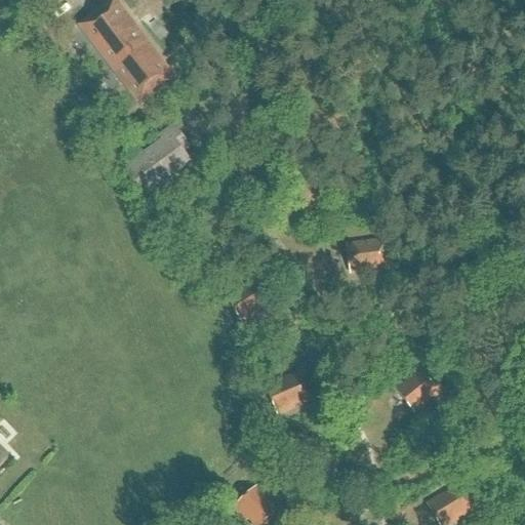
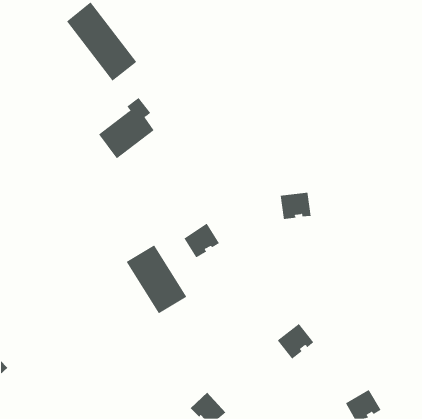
building: none -> [126,244,187,314]
building: [397,366,443,411] -> [277,323,314,360]
building: [268,372,311,413] -> none

